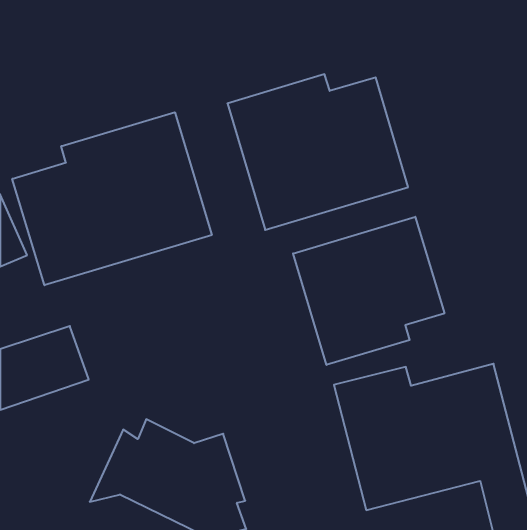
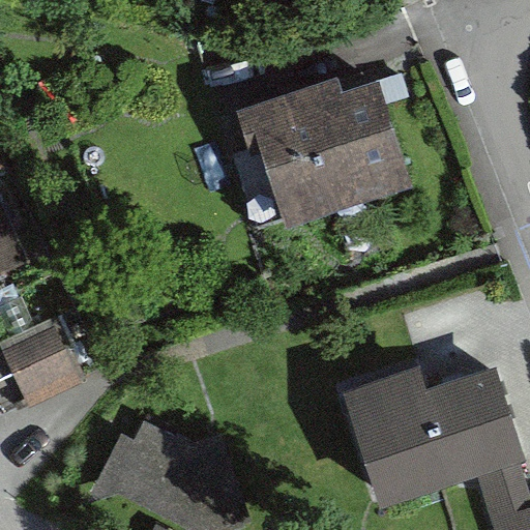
building: [12,112,212,285] -> none
building: [293,217,444,365] -> none

